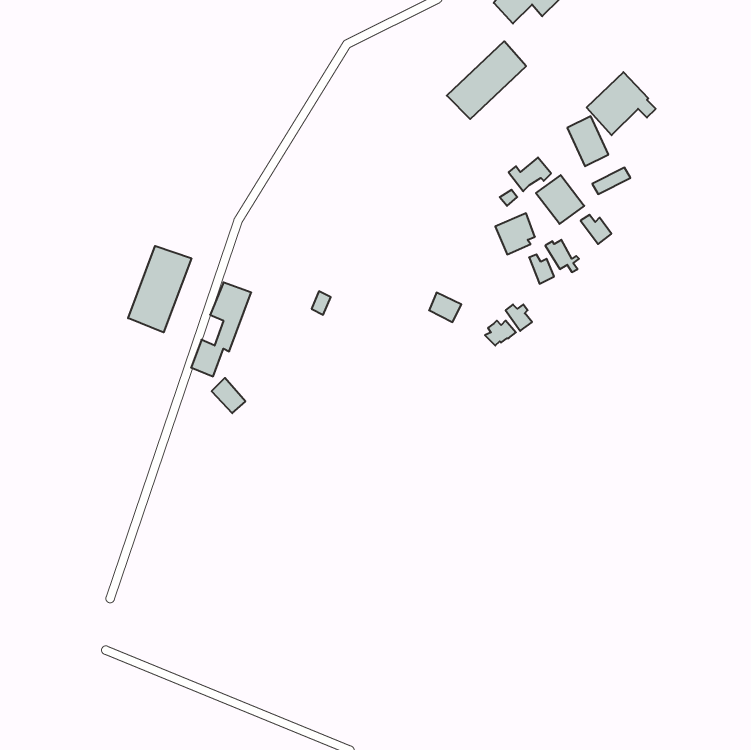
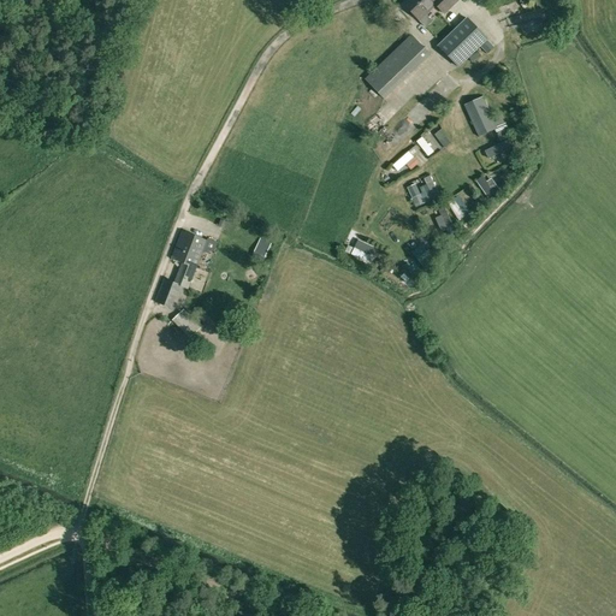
building: [587,72,656,135] -> [438,16,494,67]
building: [536,175,584,224] -> none
building: [128,246,191,332] -> none

